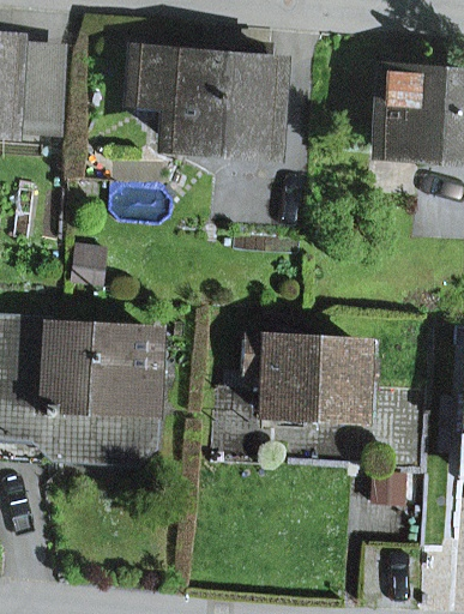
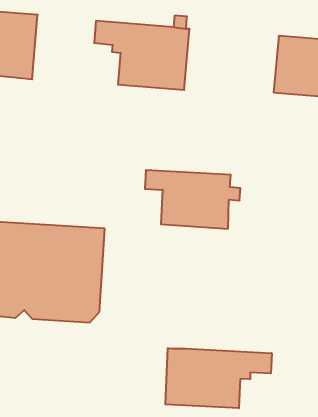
building: [245,338,374,417] -> [145,170,240,229]
building: none -> [165,348,272,408]

